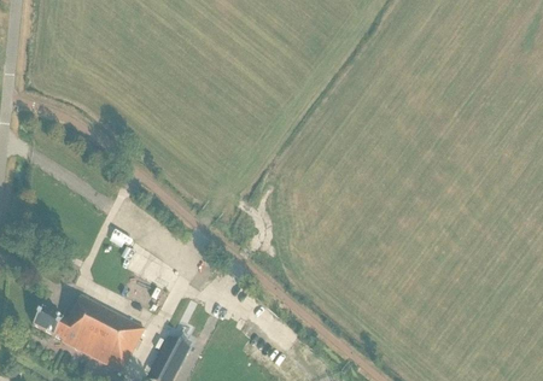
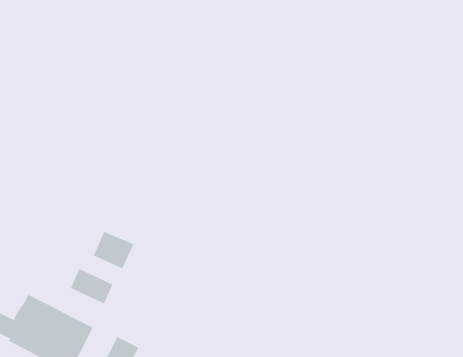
building: none -> [93,231,134,269]

